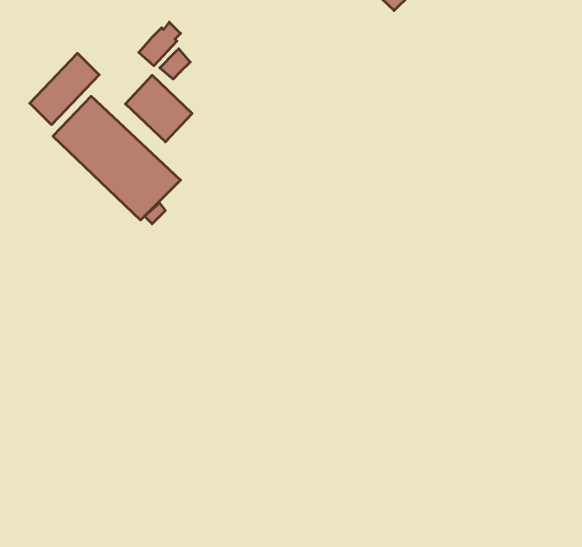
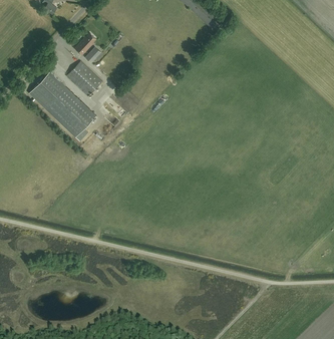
building: [30,53,99,125] -> none

